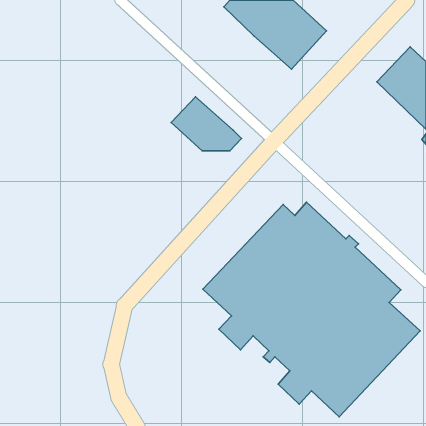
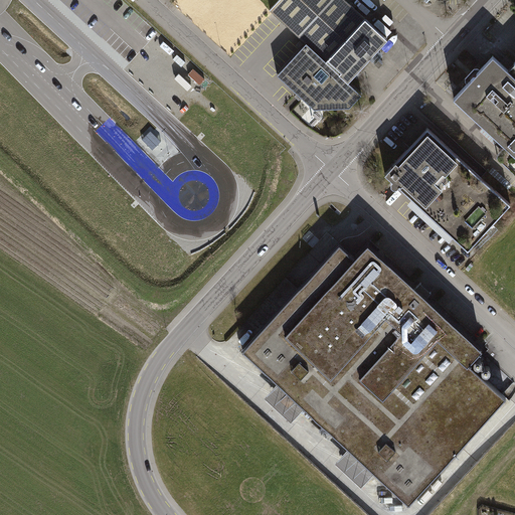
building: [171,97,241,151] -> [277,44,361,110]
building: none -> [384,129,509,262]

